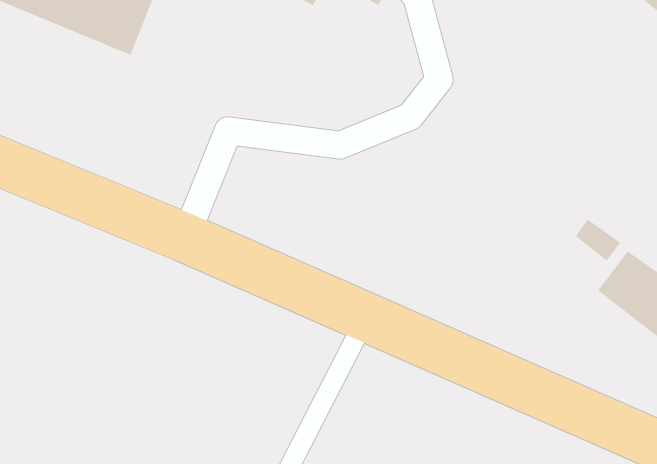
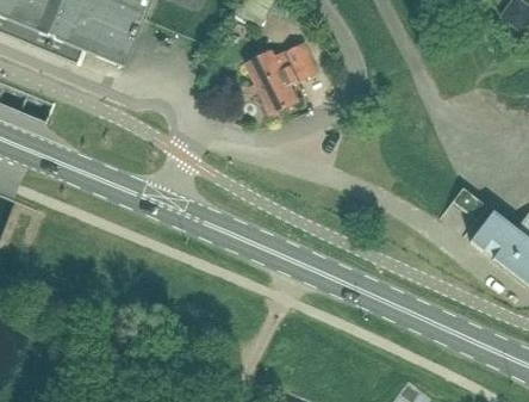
building: none -> [247,42,317,112]

